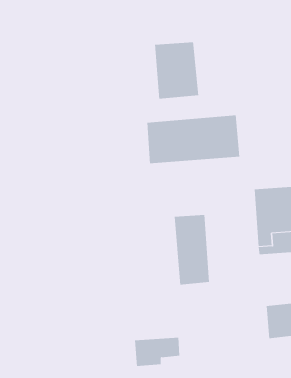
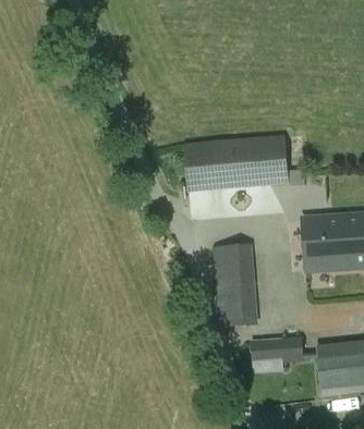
building: [155,41,199,100] -> none
building: [134,337,180,367] -> [251,336,302,369]

